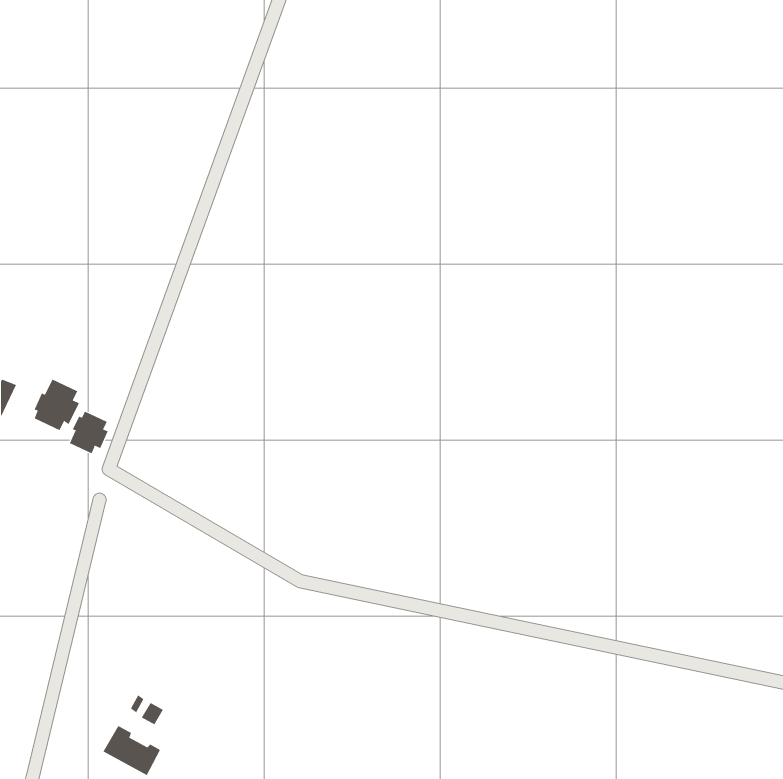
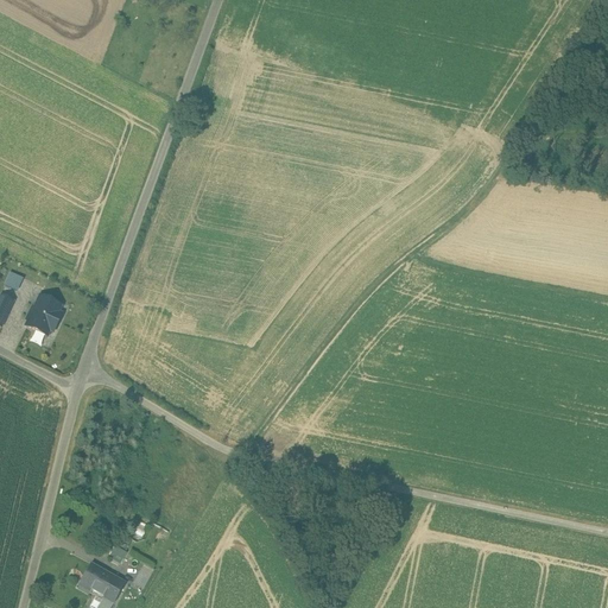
building: [69,411,109,454] -> none

